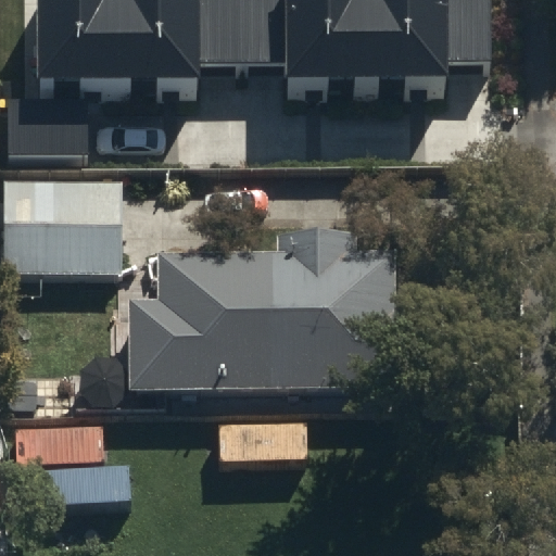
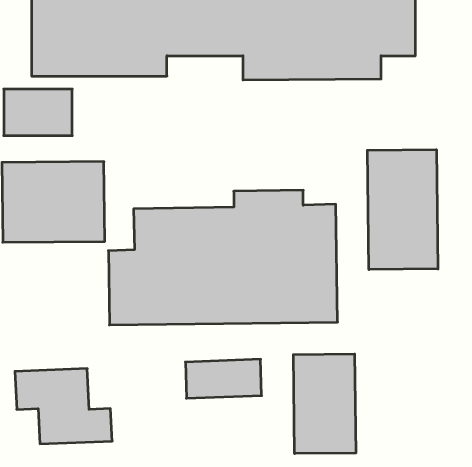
building: none -> [367,150,438,270]
building: none -> [293,354,356,454]

